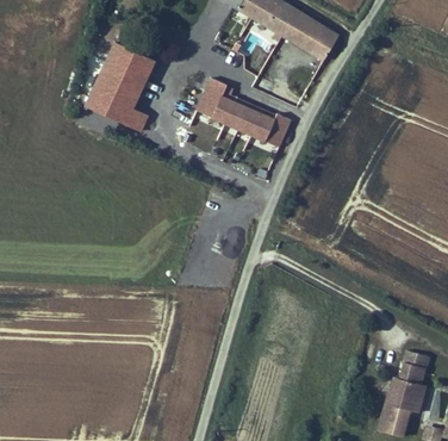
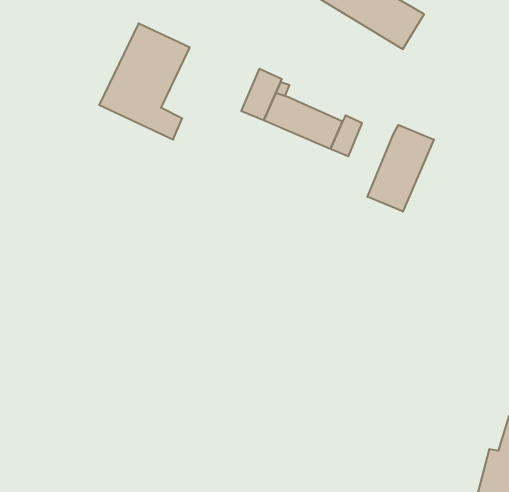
building: none -> [367,125,434,212]

